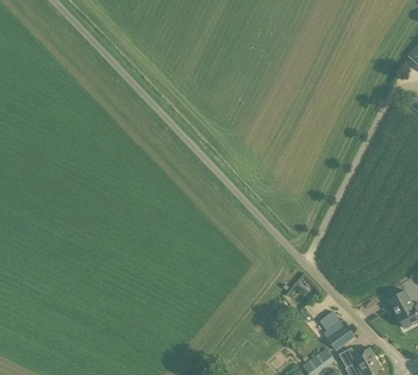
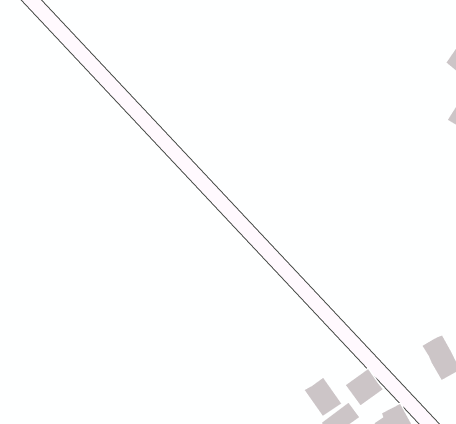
building: none -> [304,377,342,417]

